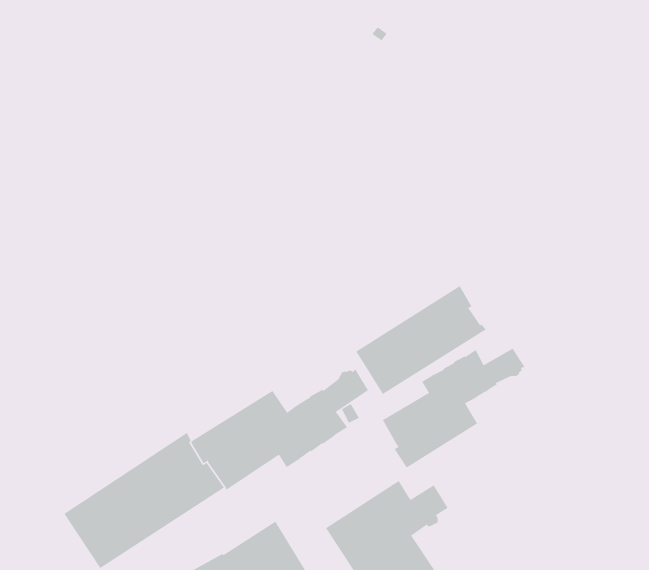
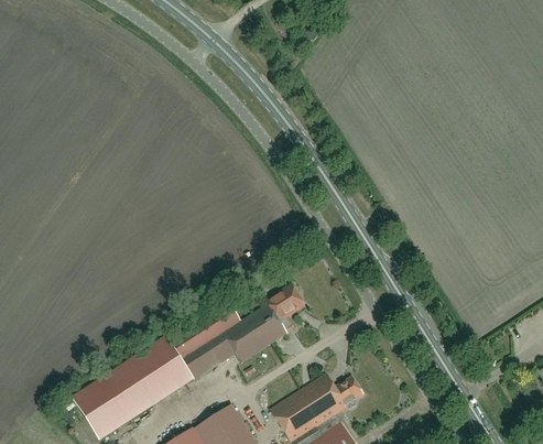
building: [355,285,487,395] -> none
building: [382,348,525,468] -> none

